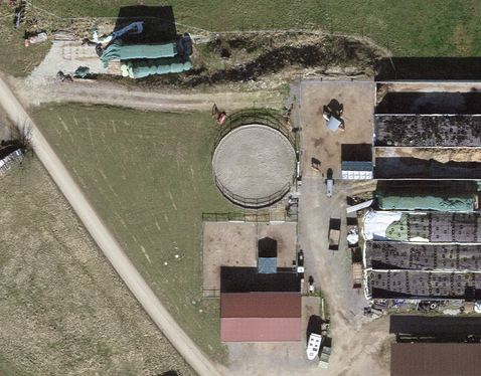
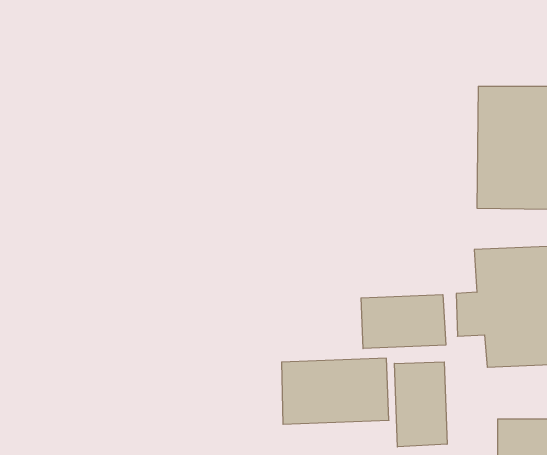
building: none -> [361,295,446,349]
building: none -> [394,362,447,447]

